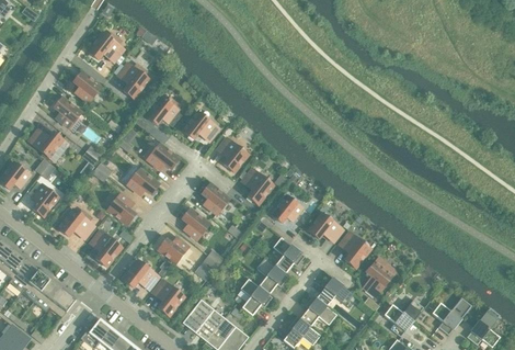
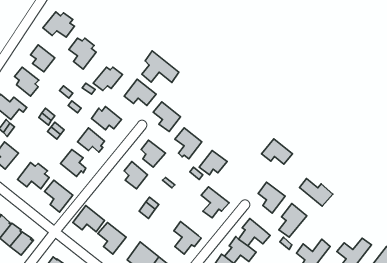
building: none -> [142,51,179,82]
building: [307,212,343,241] -> [261,139,292,164]
building: none -> [299,179,333,206]
building: [158,237,188,263] -> none
building: [256,258,288,294] -> none

